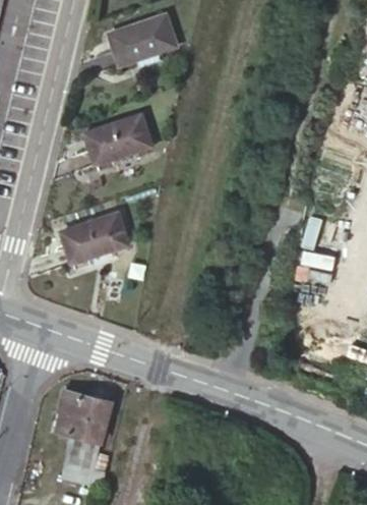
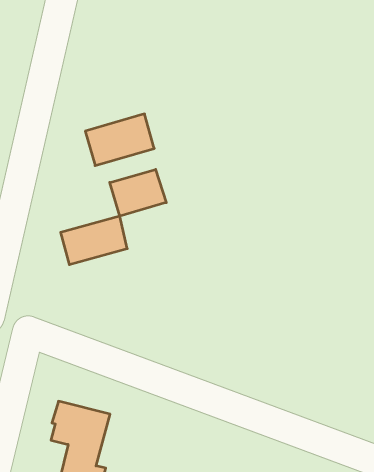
building: [109,17,176,66] -> none
building: none -> [110,169,166,216]

